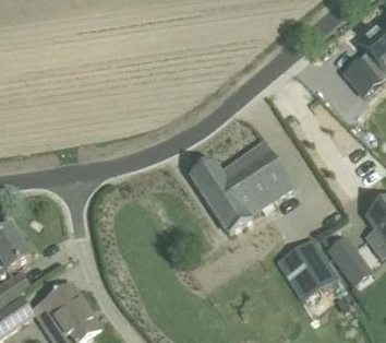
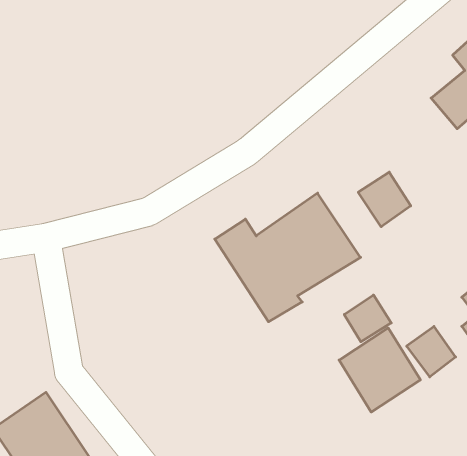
building: none -> [358,172,411,227]
building: none -> [344,295,391,342]

